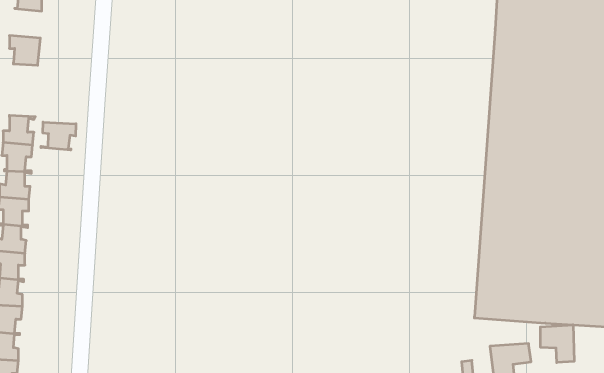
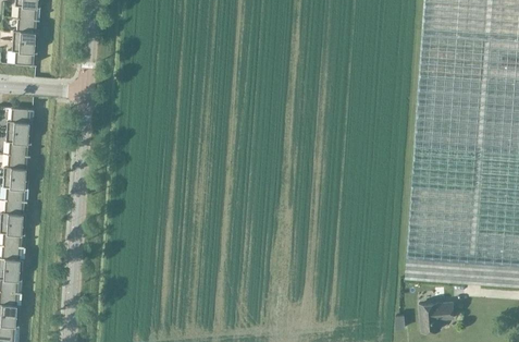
building: none -> [12,16,39,41]
building: [41,122,76,150] -> none
building: [540,325,574,363] -> none

